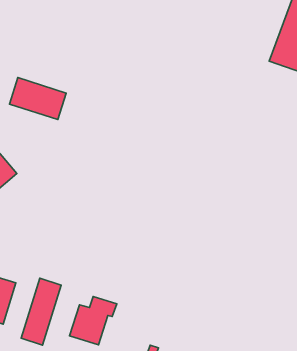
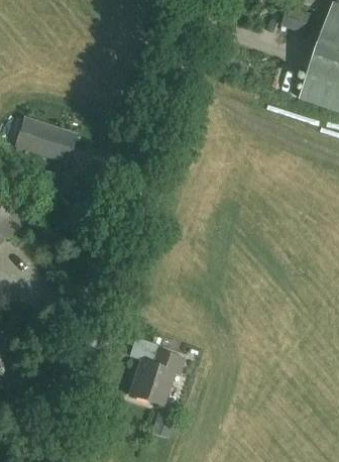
building: [21,278,61,345] -> none
building: [69,296,117,345] -> [129,349,182,402]

